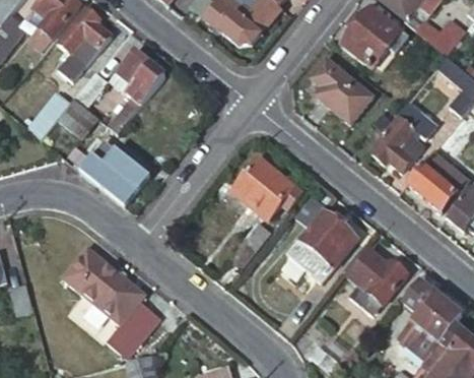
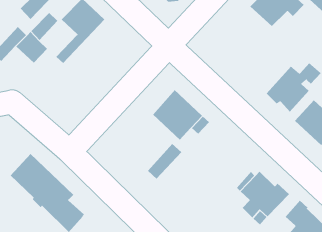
building: [314,59,376,125] -> none
building: [87,138,138,206] -> none
building: [285,196,356,282] -> none

